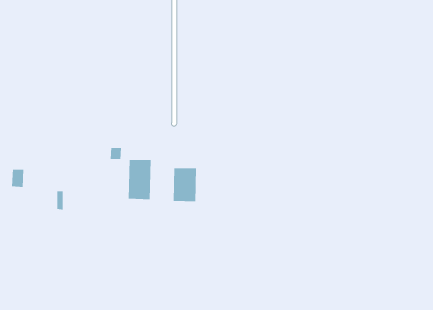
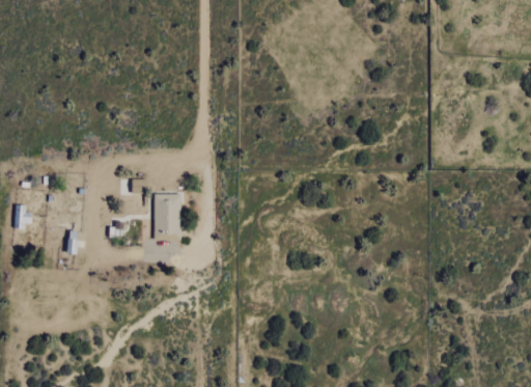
building: [173,168,197,202] -> none

